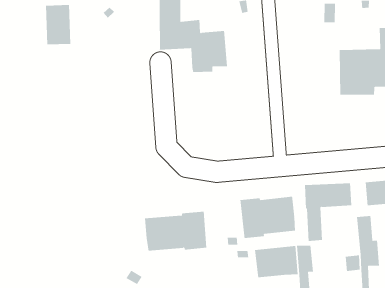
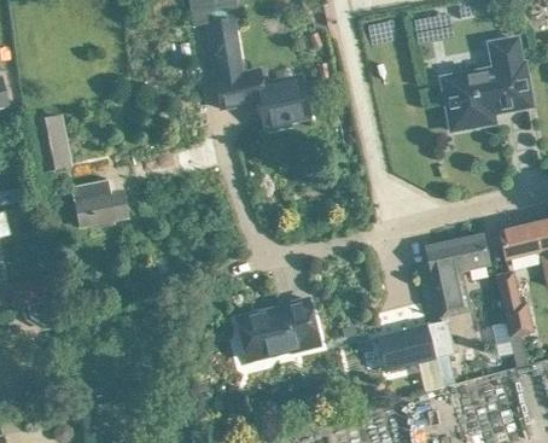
building: [45,4,71,45] -> [30,117,70,171]
building: none -> [72,180,128,227]
building: [240,196,296,239] -> none

